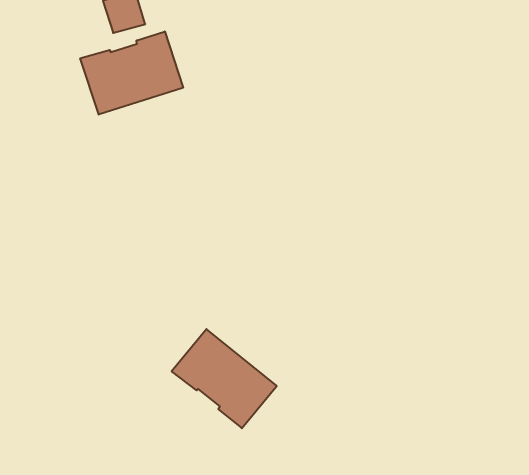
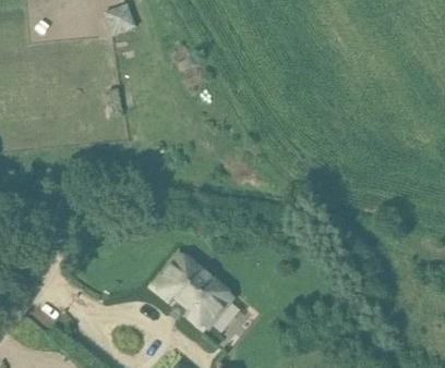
building: [80,31,183,115] -> none

